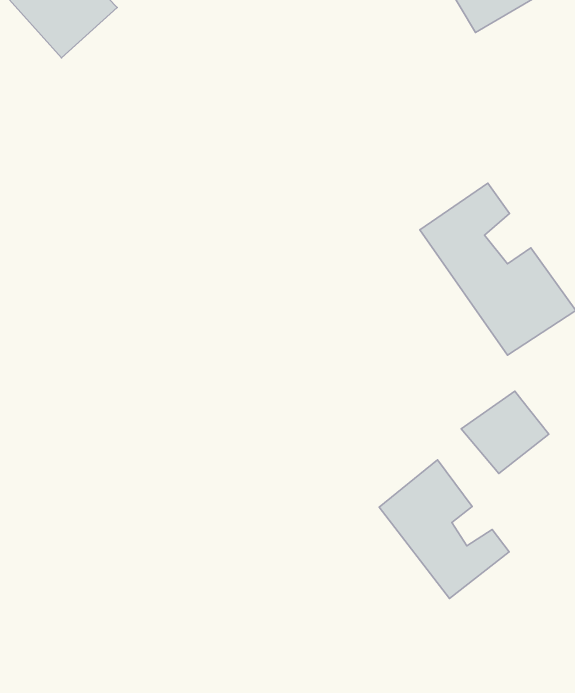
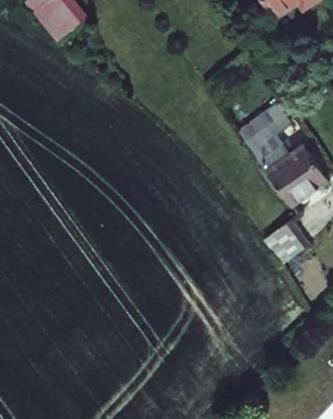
building: [379,460,509,599] -> none

